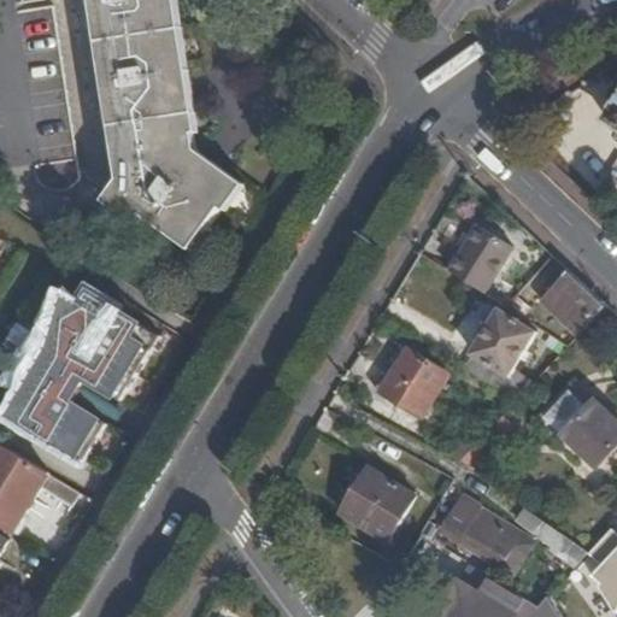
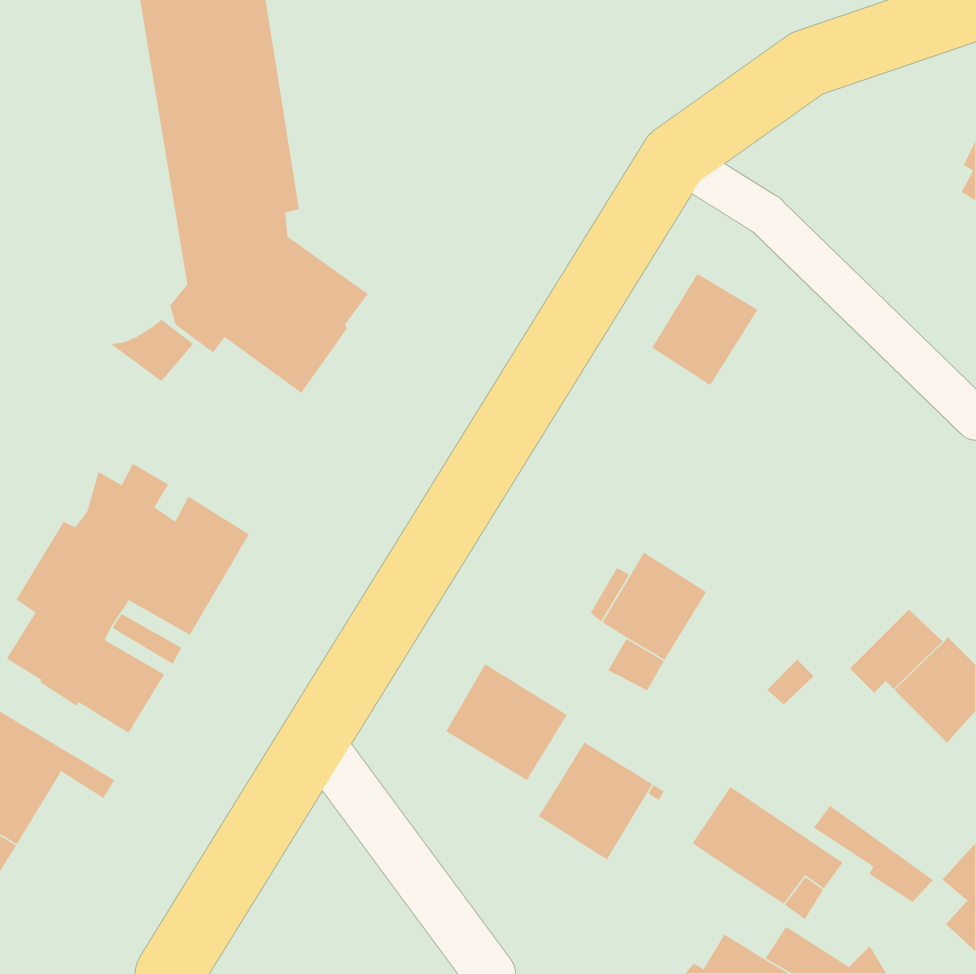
building: [447,222,515,293] -> [651,273,759,386]
building: [539,264,605,334] -> none
building: [462,307,534,399] -> none
building: none -> [445,663,568,781]

